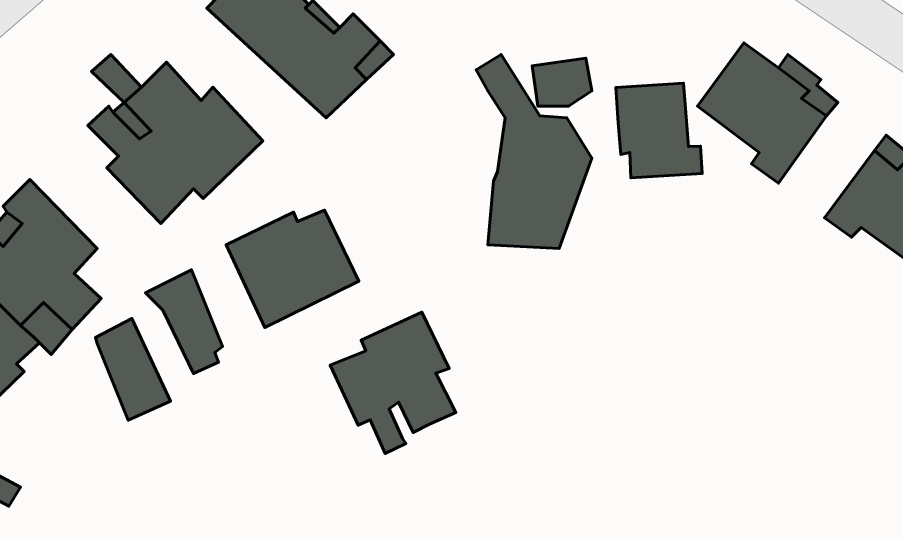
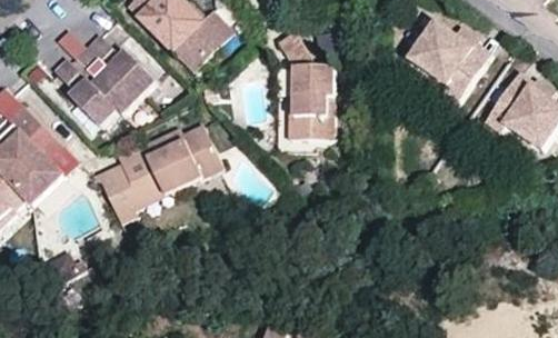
building: [616,83,702,178] -> none
building: [330,312,456,454] -> none
building: [95,318,170,420] -> [116,142,159,201]

